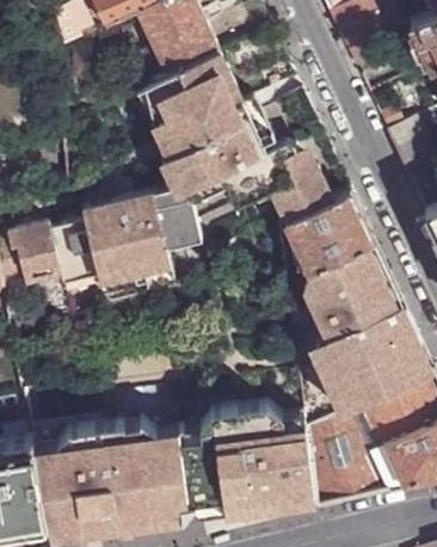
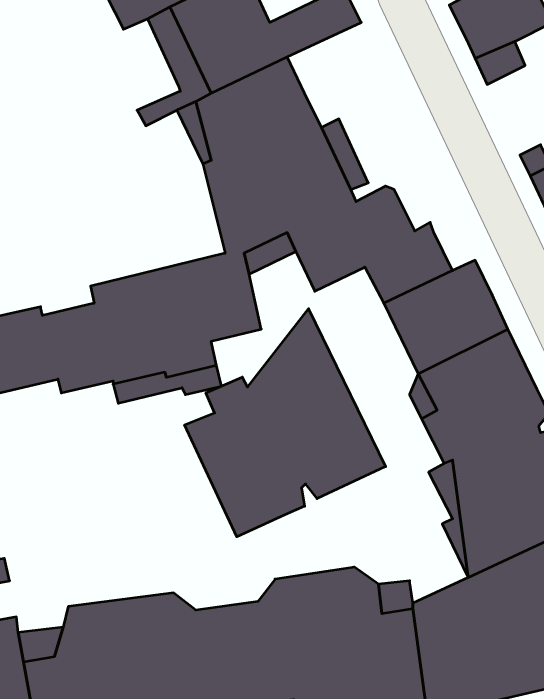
building: none -> [185,309,386,537]

